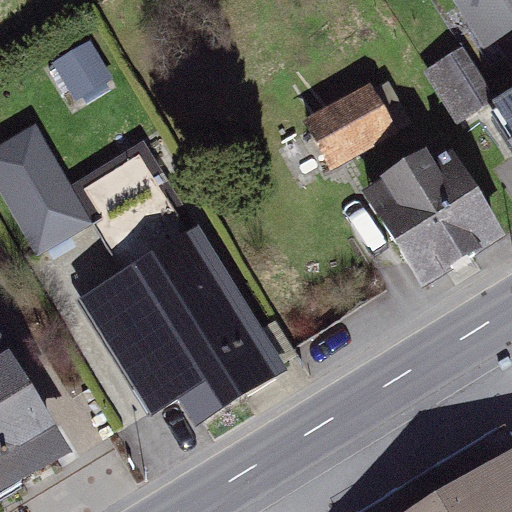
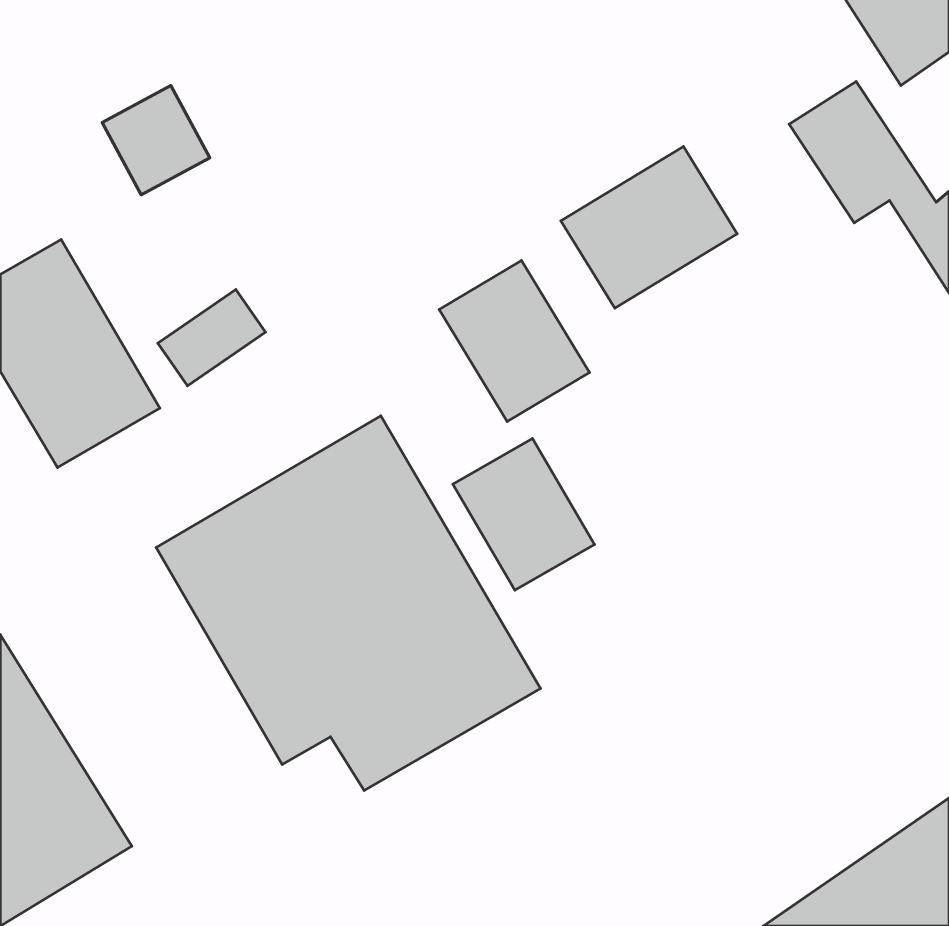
building: none -> [439,260,589,422]
building: [362,148,504,288] -> none
building: none -> [453,438,595,590]

